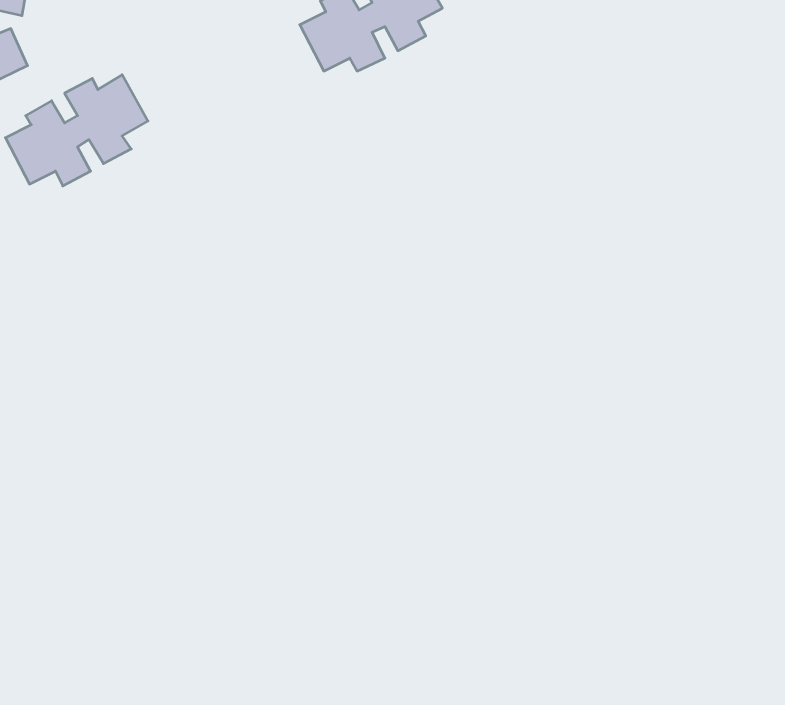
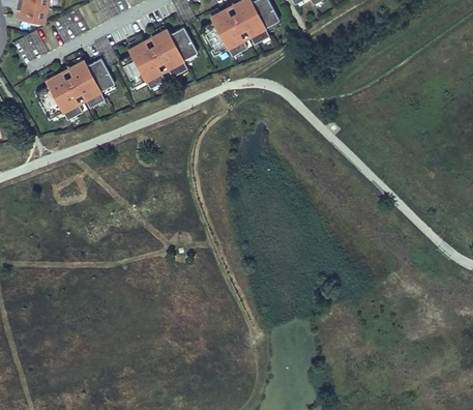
building: none -> [118,26,198,88]

